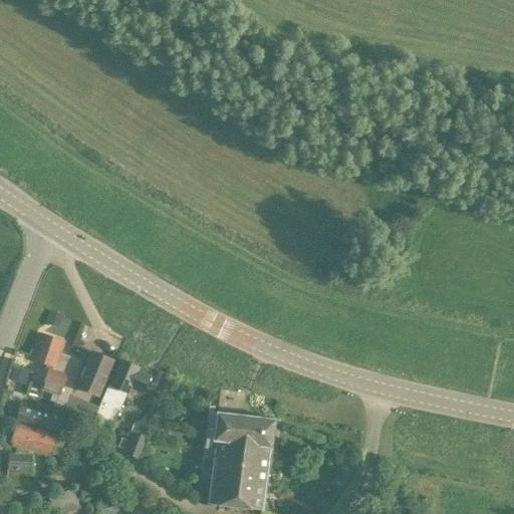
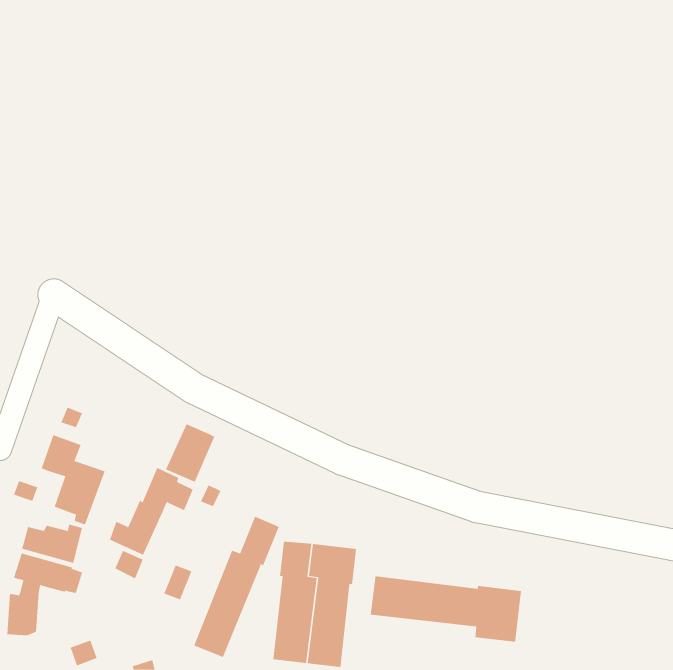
building: [74,349,112,395] -> [165,423,215,483]
building: none -> [194,516,280,658]
building: none -> [370,576,521,643]

